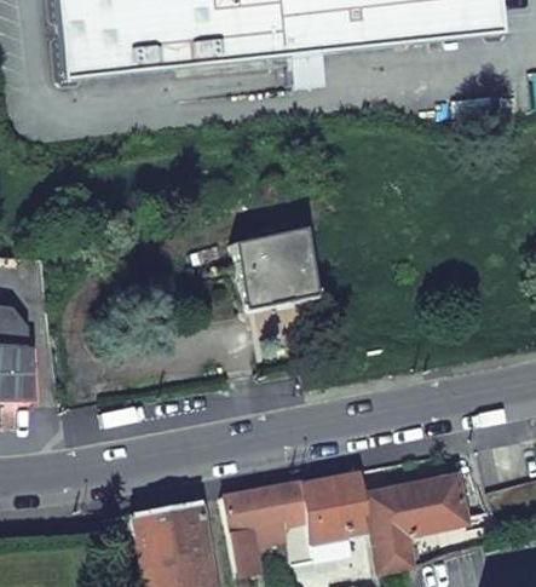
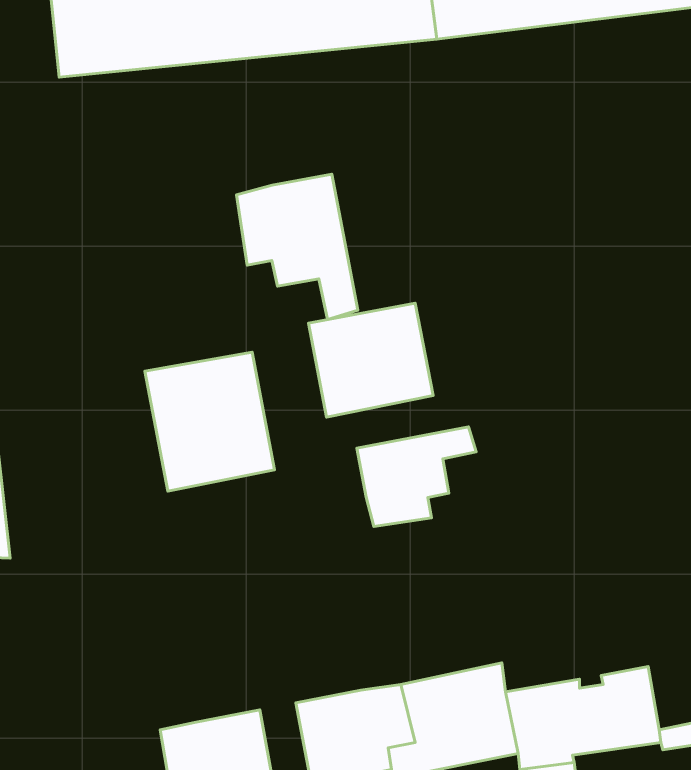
building: none -> [237,174,358,319]
building: none -> [145,352,274,491]
building: none -> [357,427,476,526]

